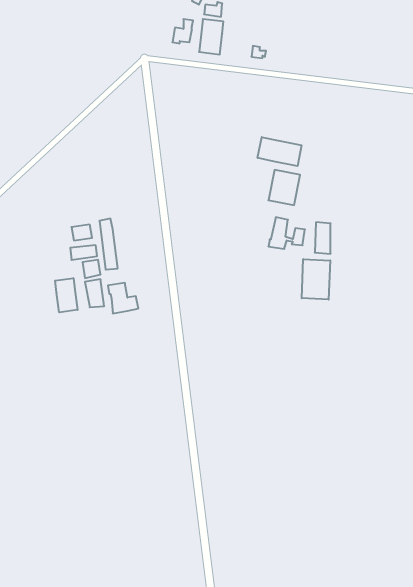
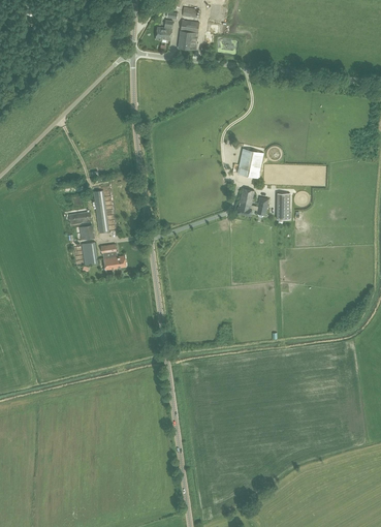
building: [258,137,302,166] -> none
building: [302,259,330,300] -> none
building: [55,278,78,312] -> none

